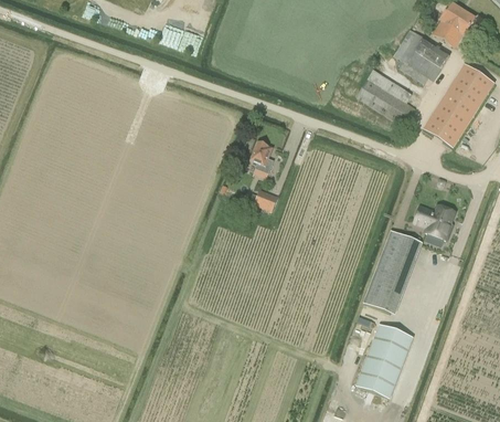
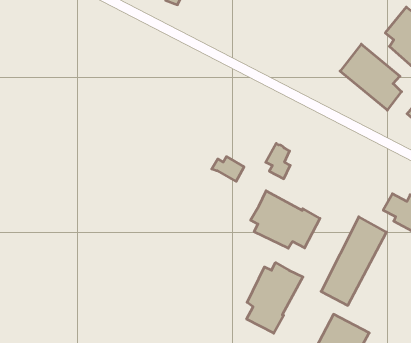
building: [251,141,274,173] -> [266,143,290,179]
building: none -> [251,191,320,248]
building: none -> [247,263,303,333]

